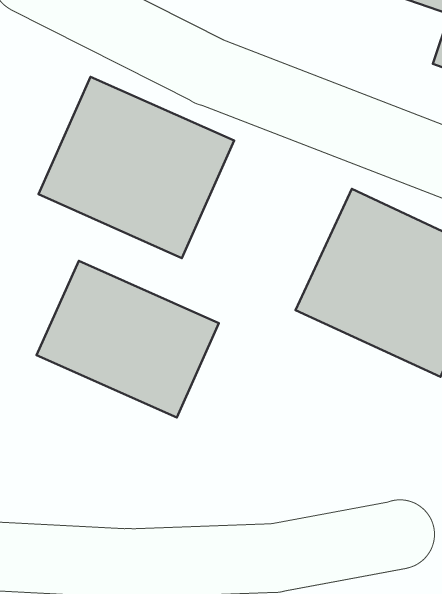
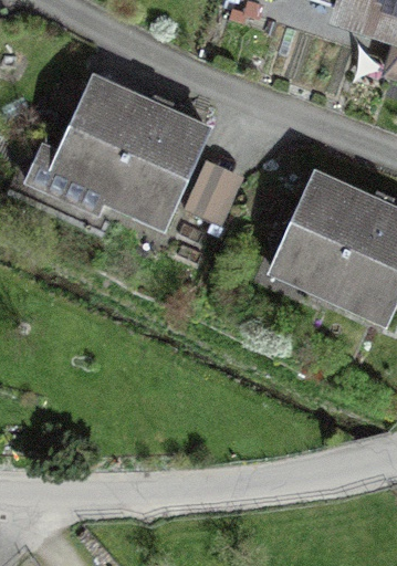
building: [36,261,219,417] -> none

